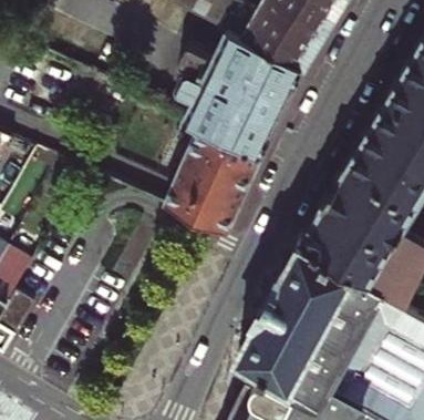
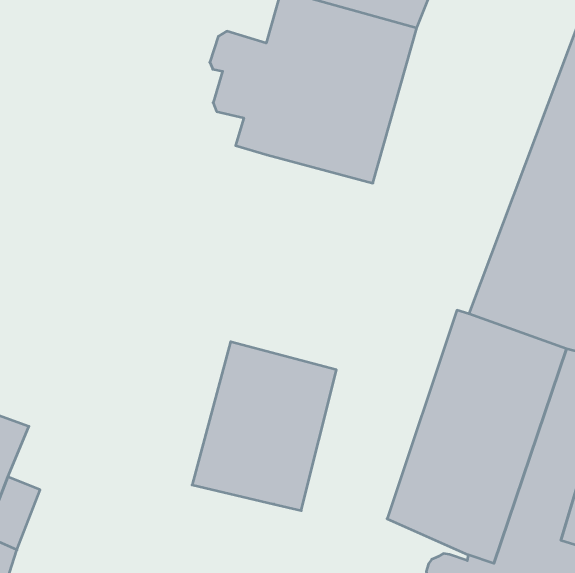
building: [165,127,262,235] -> [192,342,336,511]

